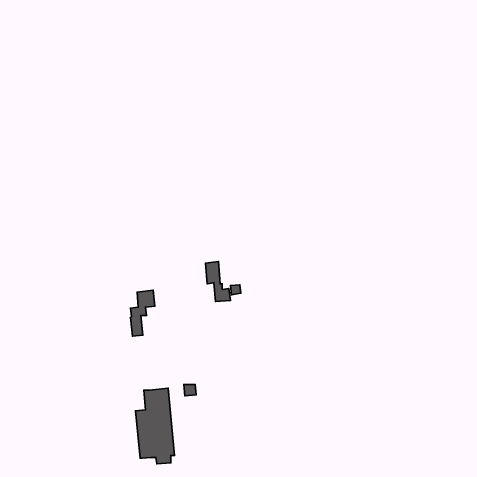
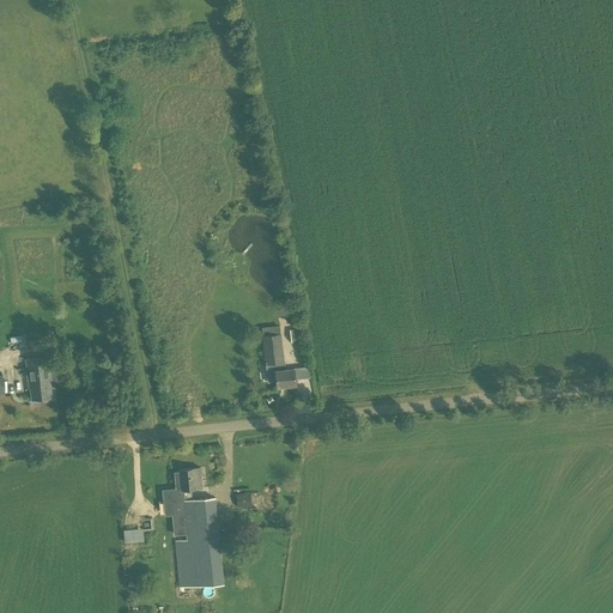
building: none -> [26,358,51,400]
building: [131,290,155,336] -> [171,468,202,527]

